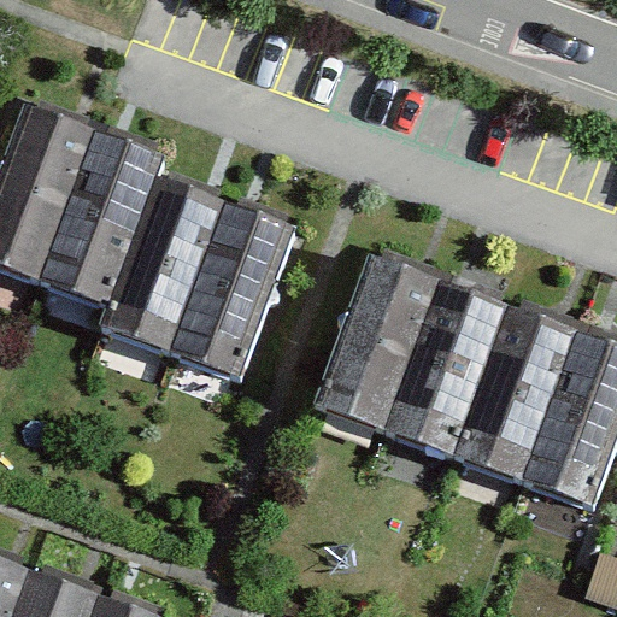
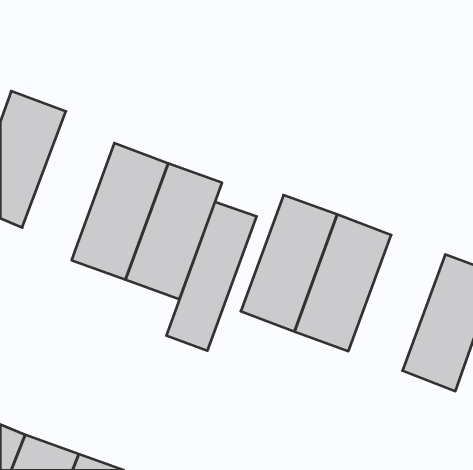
building: [31,145,157,321] -> none
building: none -> [166,202,257,351]
building: [454,305,580,481] -> none

